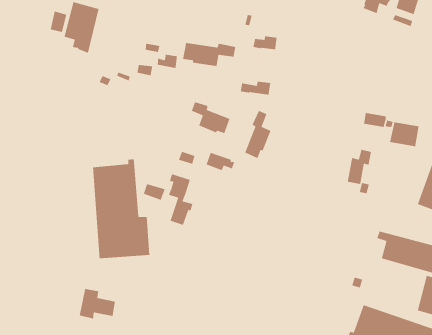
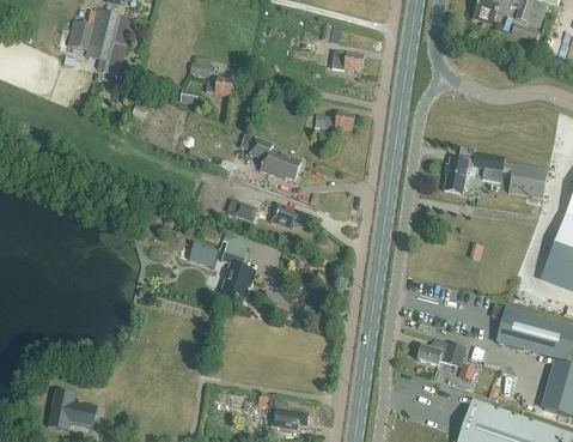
building: [182,42,236,67] -> none
building: [244,110,271,159] -> none
building: [347,149,372,185] -> [444,146,476,193]
building: [92,159,150,259] -> none
building: none -> [419,343,467,365]
building: [79,288,116,320] -> [49,389,97,430]
building: none -> [272,400,310,429]

